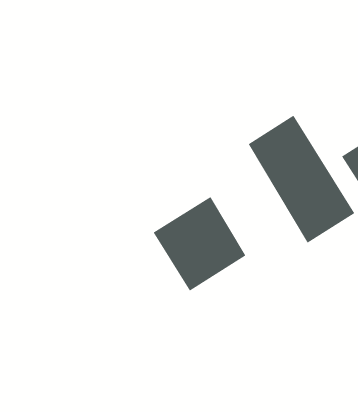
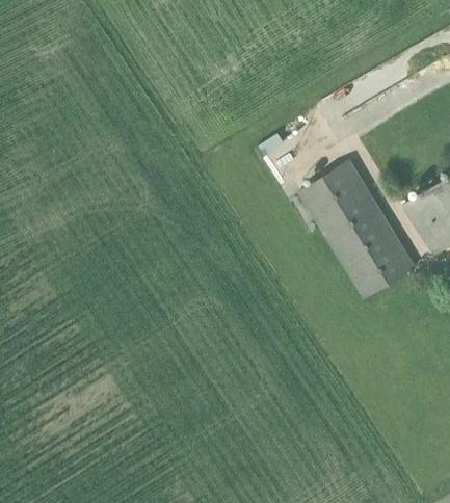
building: [153,196,246,291] -> none

